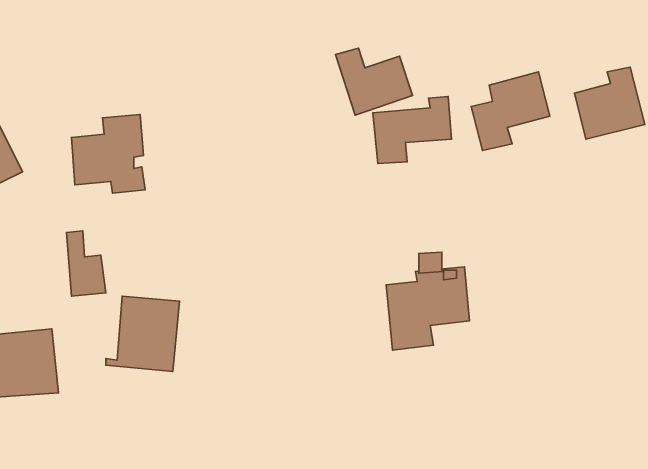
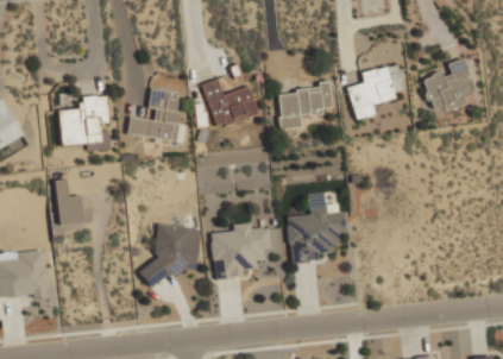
building: [335,48,412,115] -> [202,78,258,127]
building: none -> [127,88,186,141]
building: none -> [210,222,271,279]
building: [106,296,180,372] -> [145,222,199,277]

